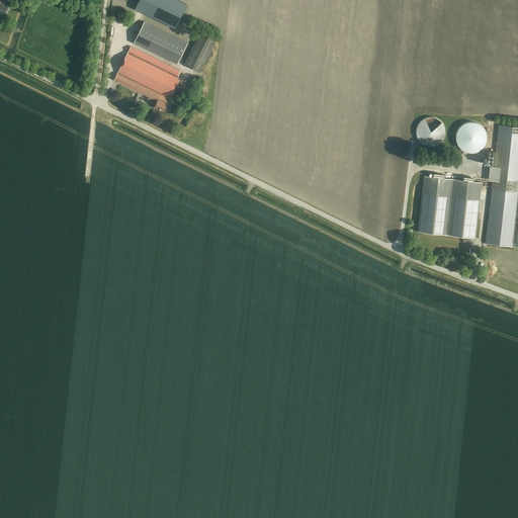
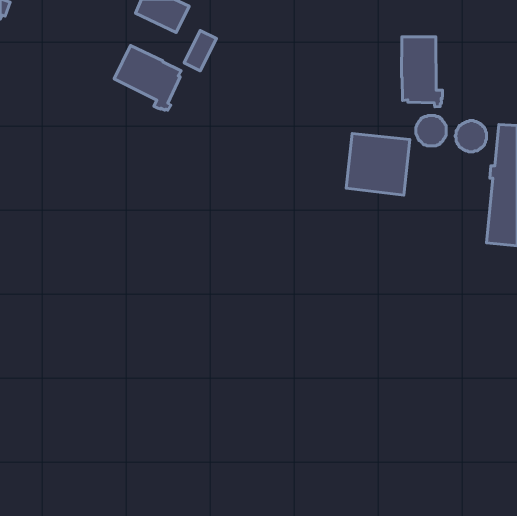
building: [134,20,188,63] -> none
building: none -> [401,37,443,107]
building: [418,176,482,238] -> [346,133,410,195]

